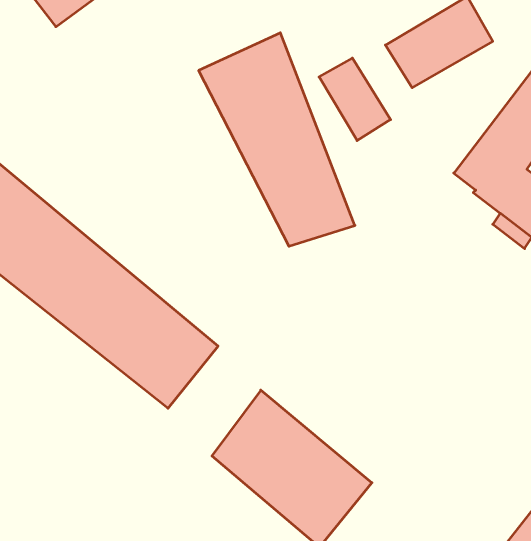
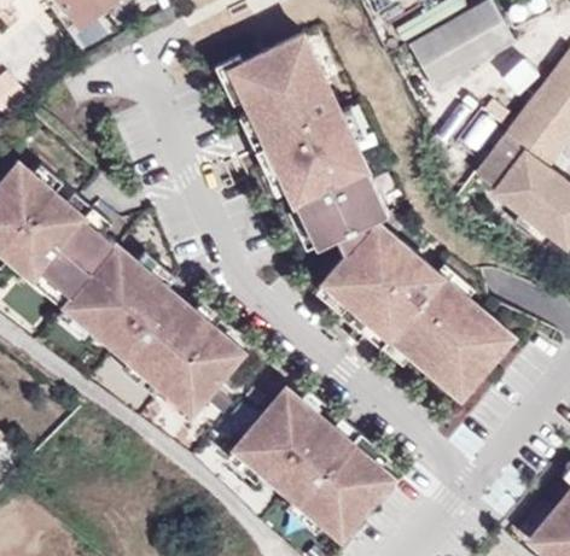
building: [319,58,391,141] -> none
building: none -> [320,226,516,400]

